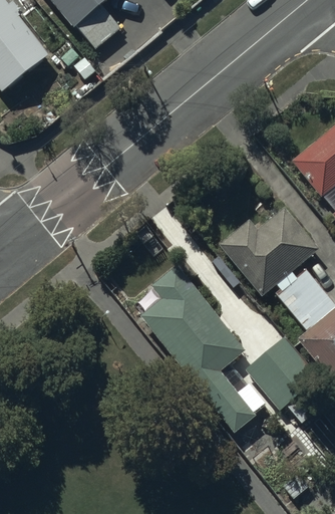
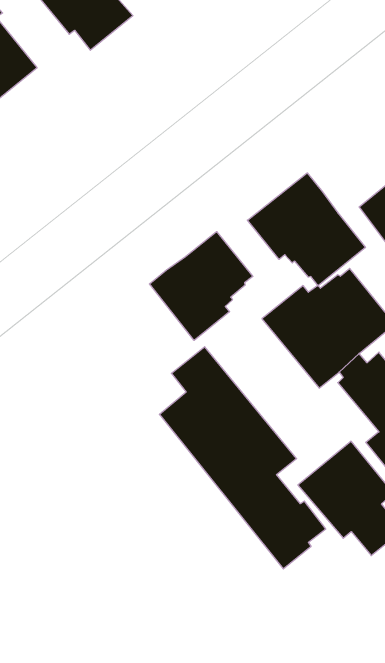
building: none -> [247,173,365,286]
building: none -> [149,232,253,340]

